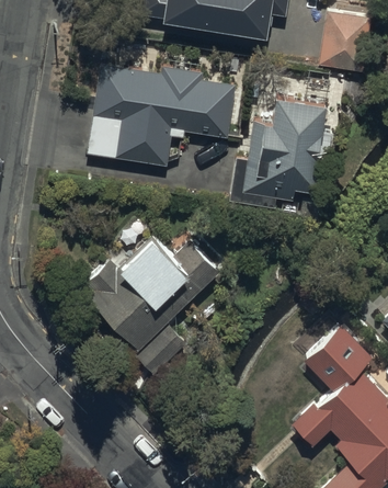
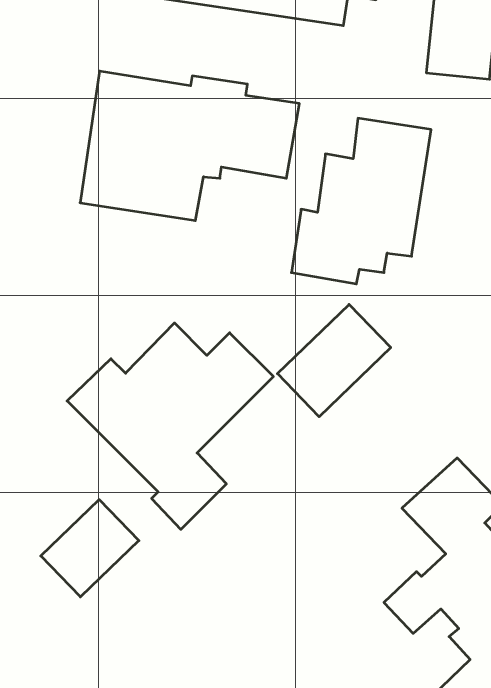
building: none -> [277,304,391,417]
building: none -> [41,500,139,597]

